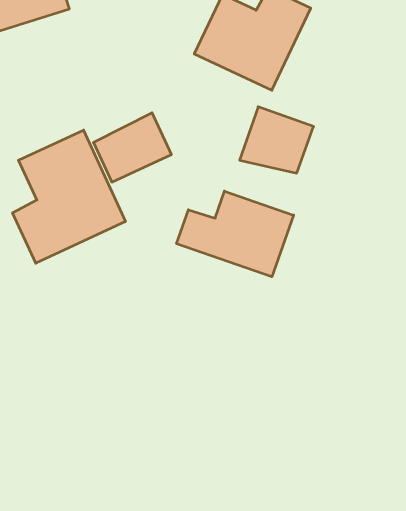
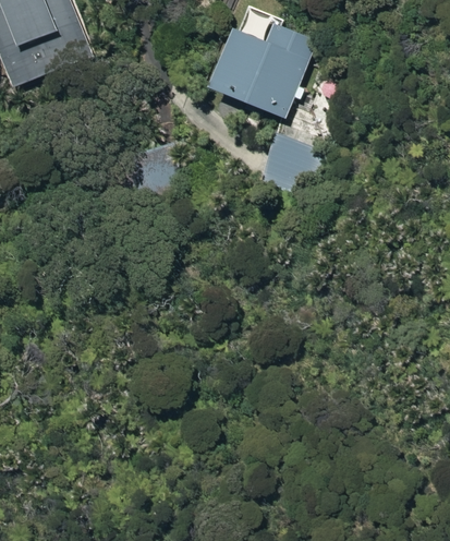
building: [13,130,125,263] -> none
building: [177,191,294,277] -> none

